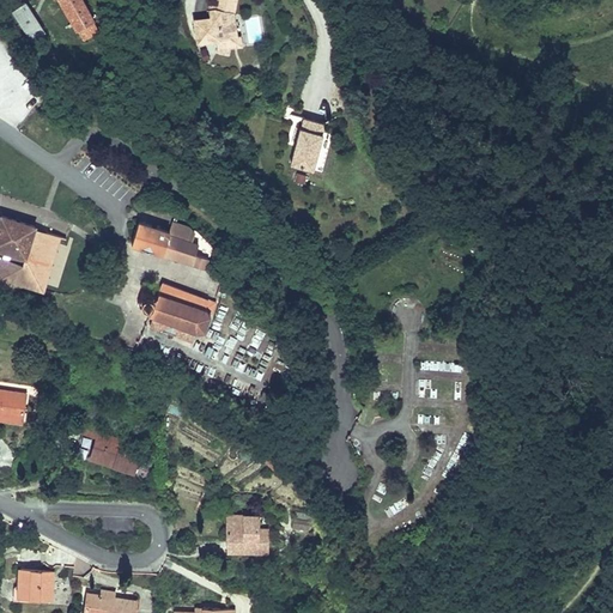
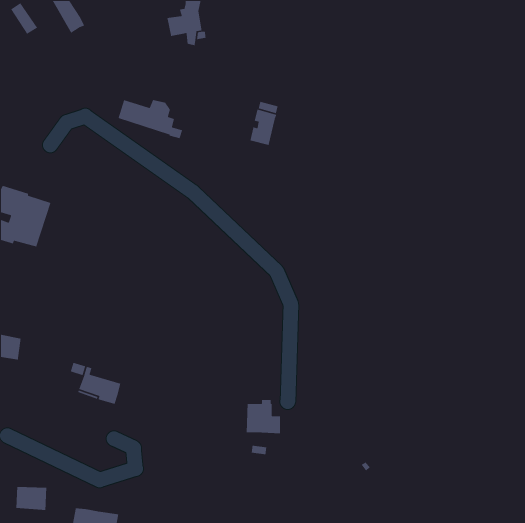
building: [132,223,208,269] -> [117,99,183,139]
building: [138,284,216,342] -> none
building: [226,512,267,553] -> [246,399,281,434]

